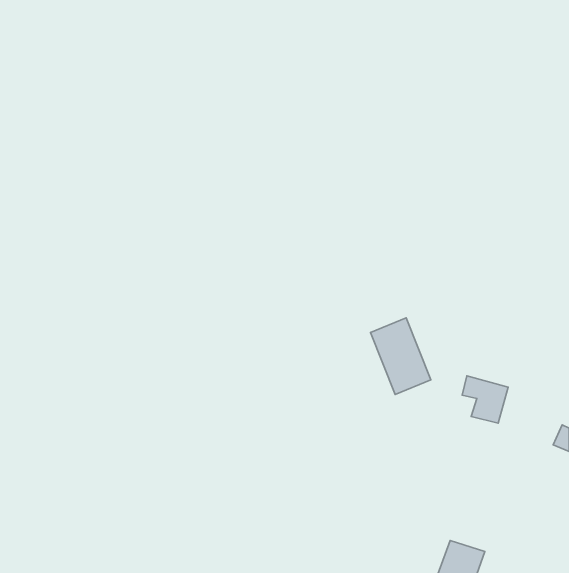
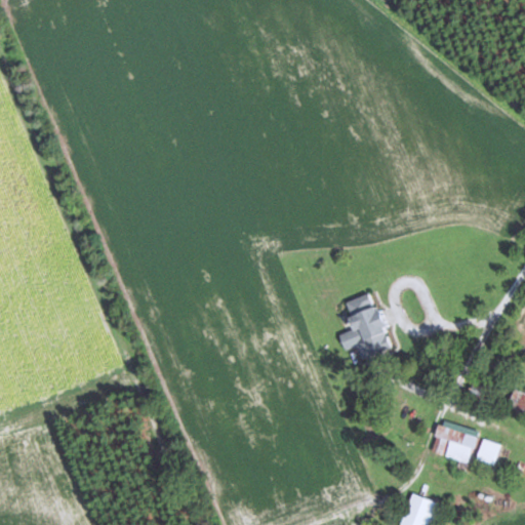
building: [462,376,508,423] -> [435,421,477,465]
building: none -> [476,440,499,466]

